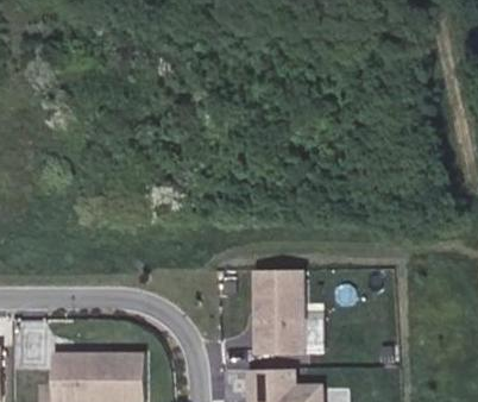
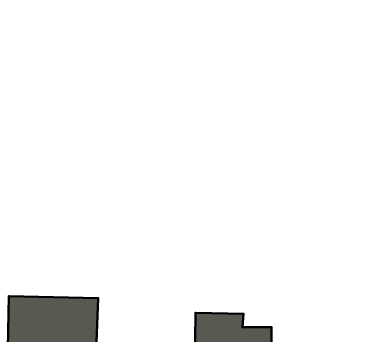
building: [250,275,303,354] -> none

